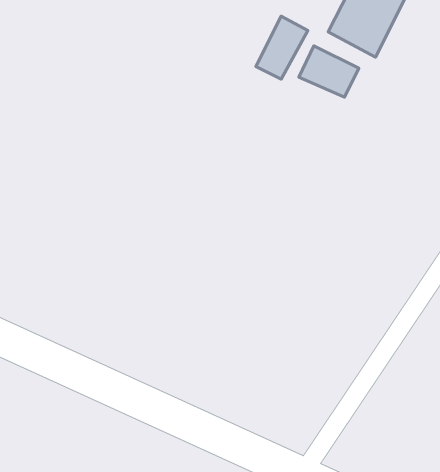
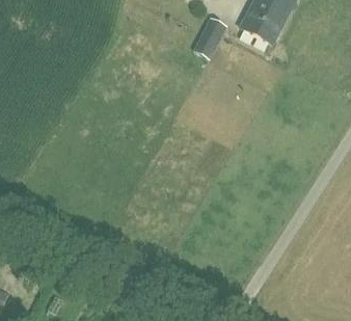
building: [299,46,359,97] -> none

